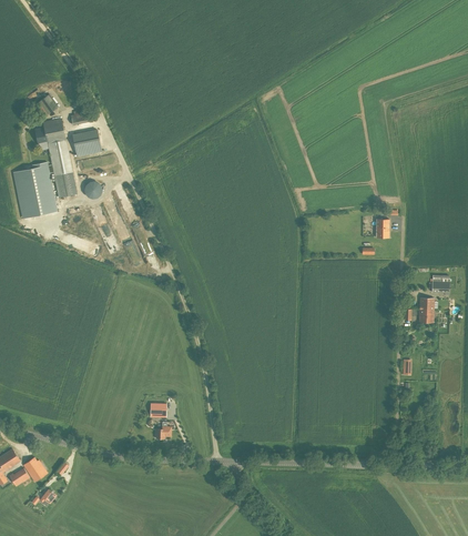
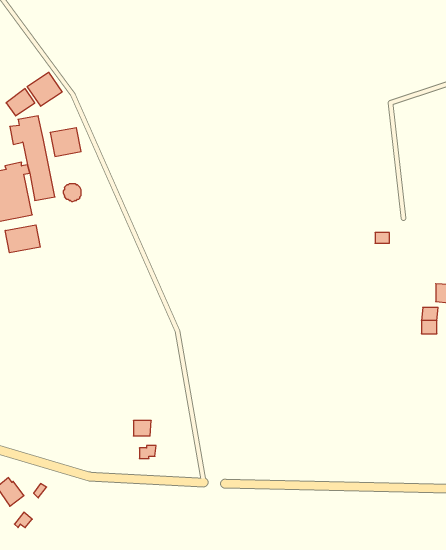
building: none -> [27,72,62,106]
building: none -> [5,225,40,253]

